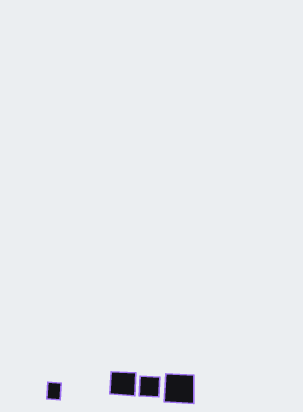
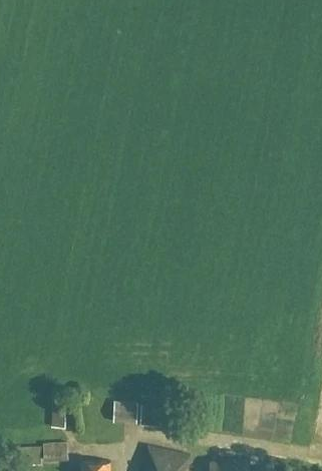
building: [164,374,194,403] -> none

